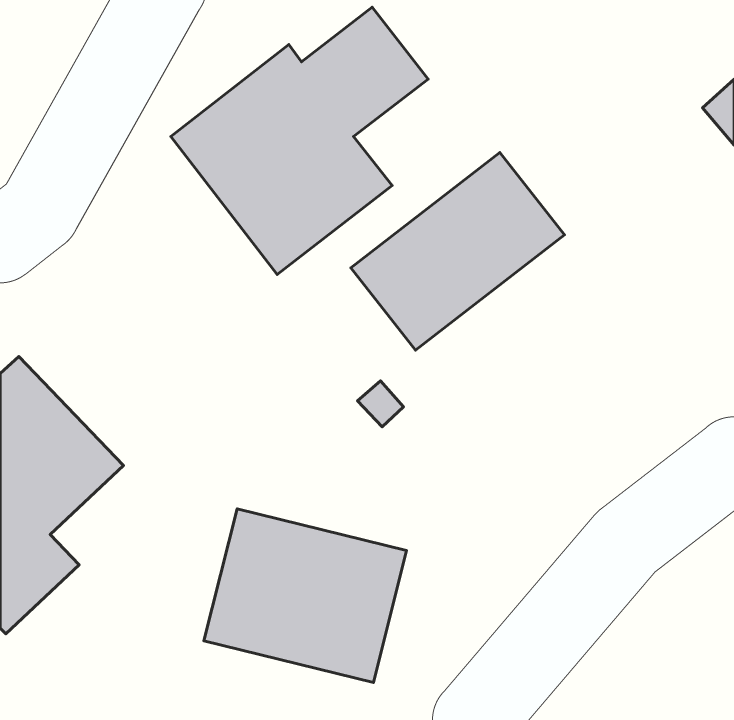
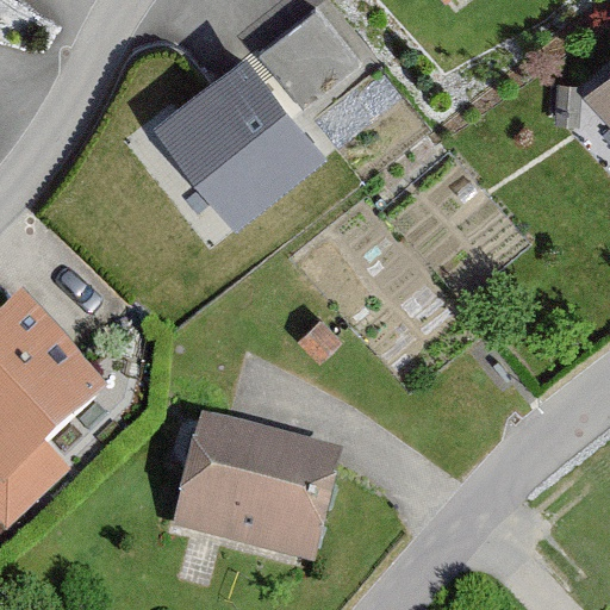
building: [351,152,564,350] -> none

